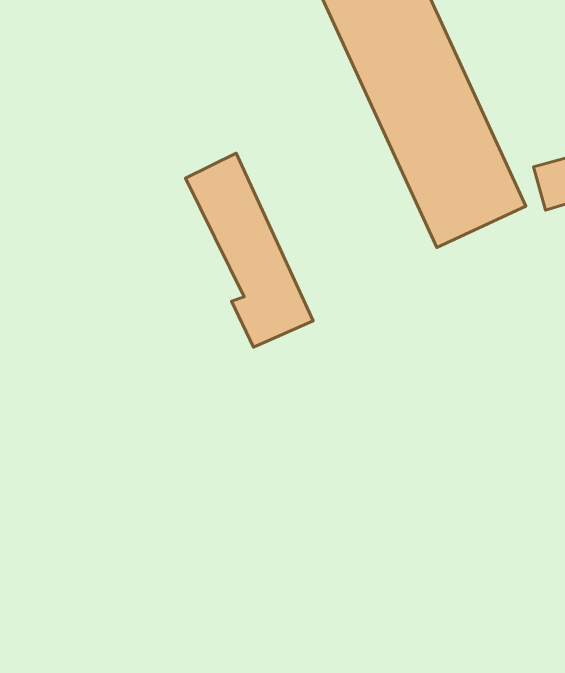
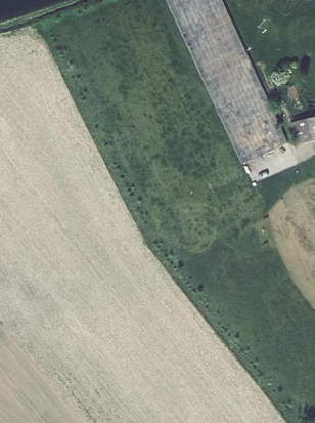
building: [185,153,313,347] -> none

